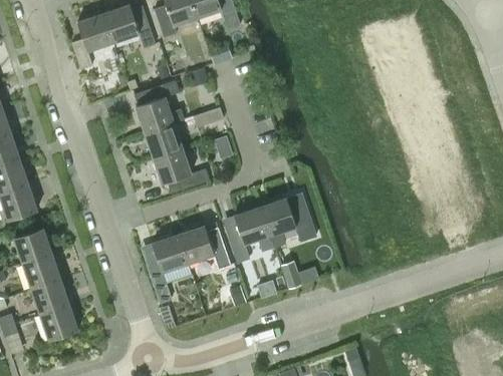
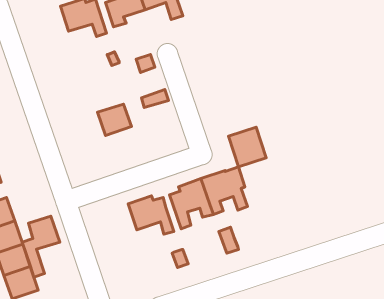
building: [72,14,112,69] -> none
building: [135,81,184,132] -> none
building: [154,148,210,194] -> none
building: none -> [228,127,266,167]
building: [147,235,189,303] -> [22,216,60,277]

